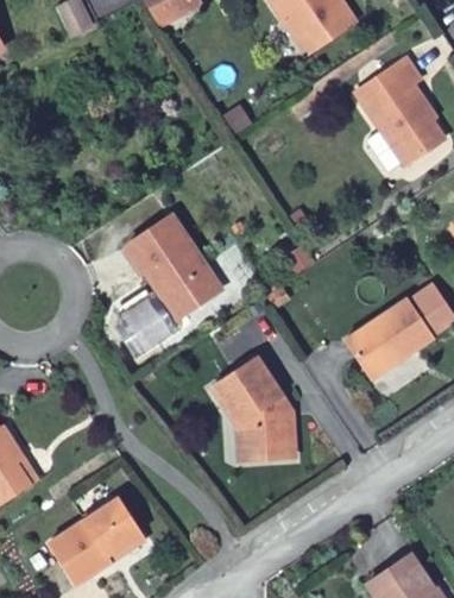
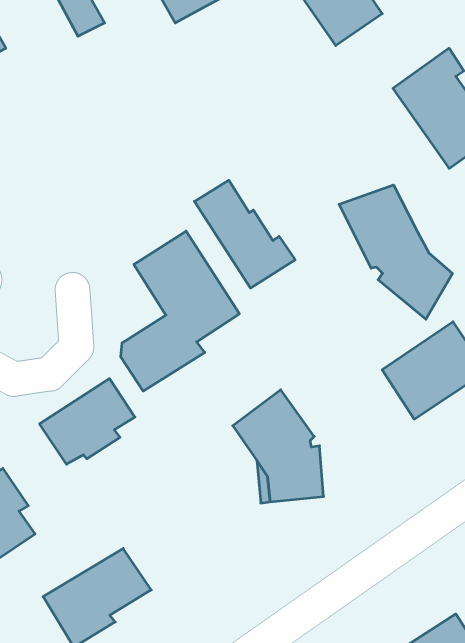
building: none -> [194,180,295,288]
building: none -> [339,185,452,319]
building: none -> [40,379,135,464]

